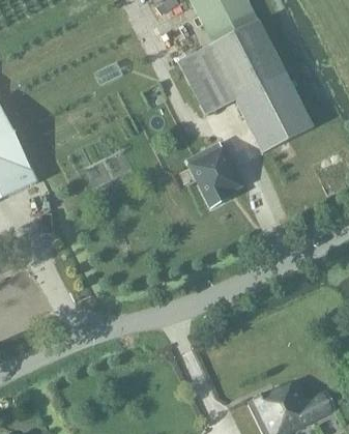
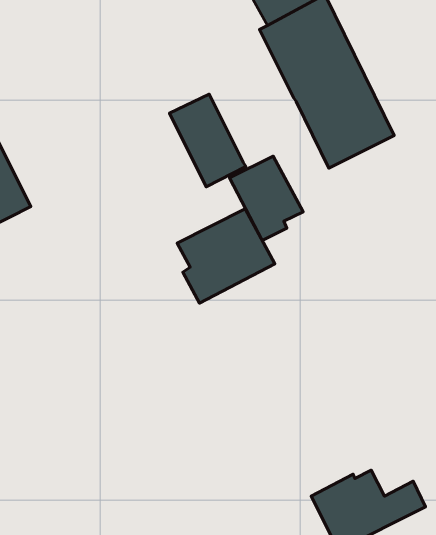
building: [178,46,236,116] -> [170,94,246,187]
building: none -> [177,209,275,303]

